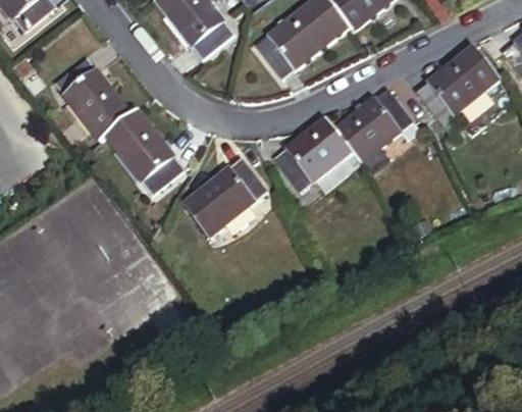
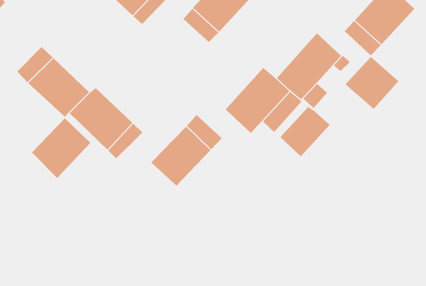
building: none -> [345,56,399,110]
building: none -> [31,118,91,179]
building: none -> [280,106,330,157]

